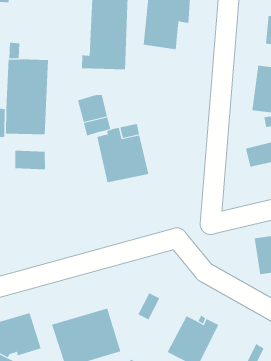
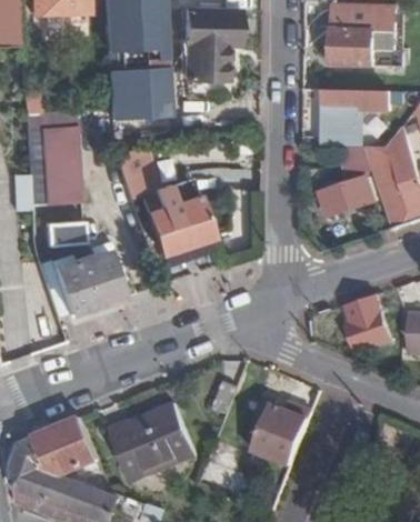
building: none -> [48,241,118,314]

